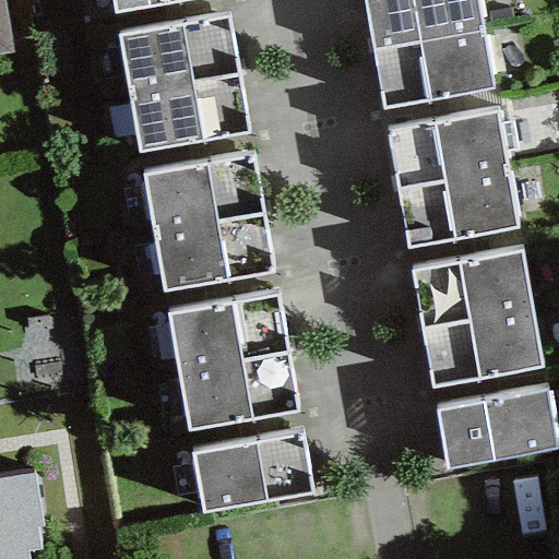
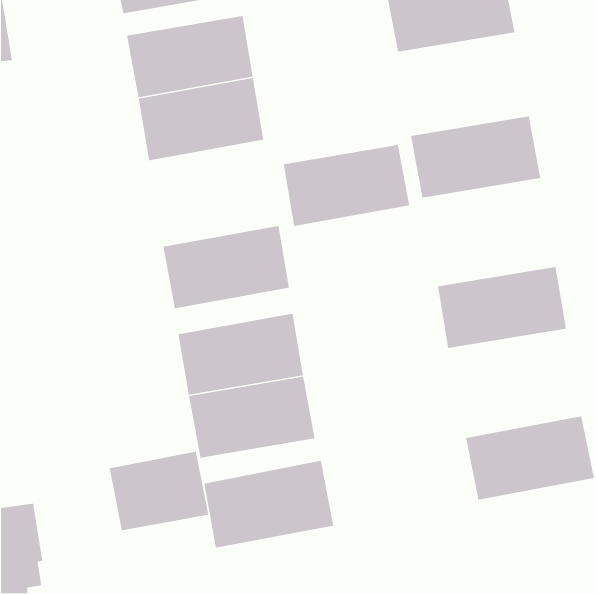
building: [372,31,493,110] -> none
building: [143,153,262,230] -> [283,144,410,227]
building: [395,167,518,247] -> none
building: [419,308,542,388] -> none
building: none -> [109,451,209,531]

